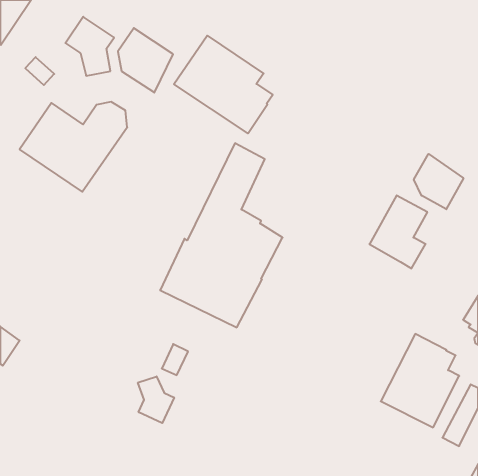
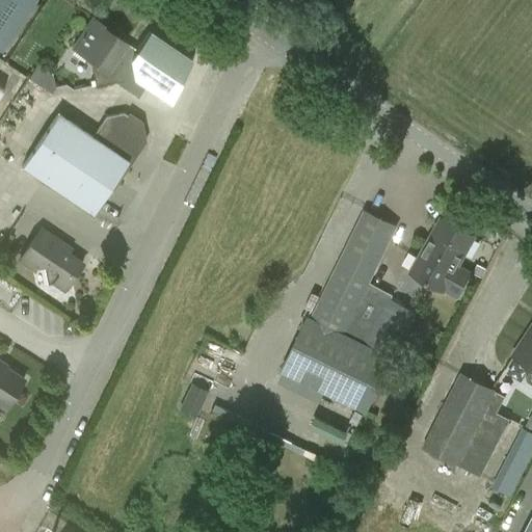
building: [174,36,273,133] -> none
building: [160,143,283,327] -> [281,211,417,416]
building: [414,154,463,209] -> none
building: none -> [19,229,82,285]
building: [138,376,174,423] -> none

